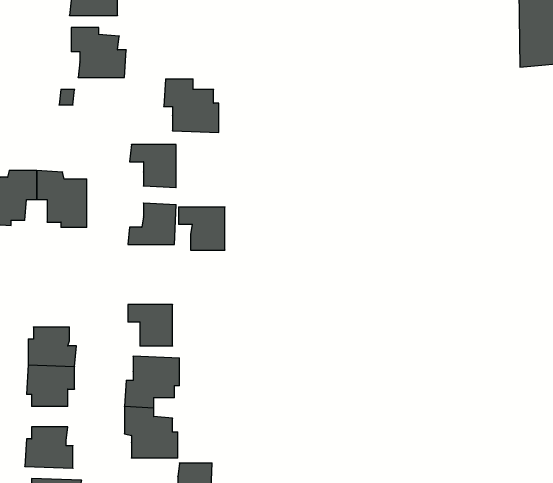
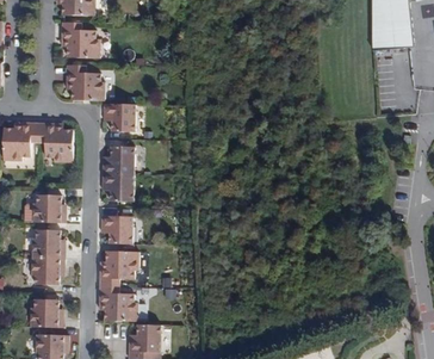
building: [164,79,219,132] -> [64,64,103,101]
building: [179,207,225,250] -> [100,173,132,203]
building: none -> [23,194,64,223]

